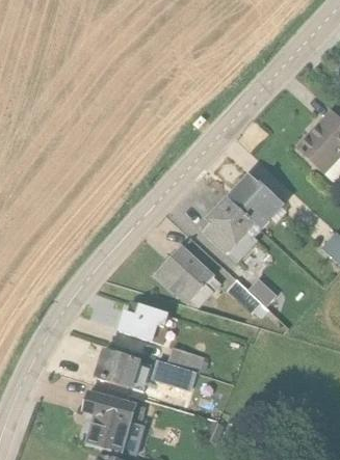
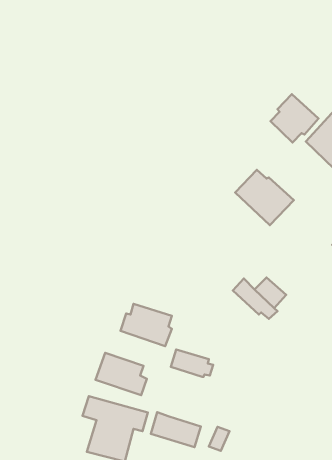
building: none -> [271,94,318,143]
building: [203,196,261,263] -> none
building: [154,246,221,307] -> none
building: [149,358,197,391] -> [151,412,201,447]

